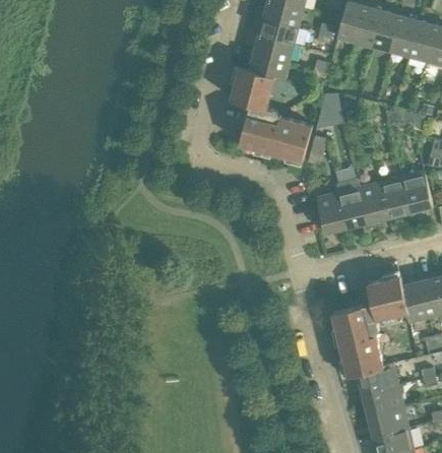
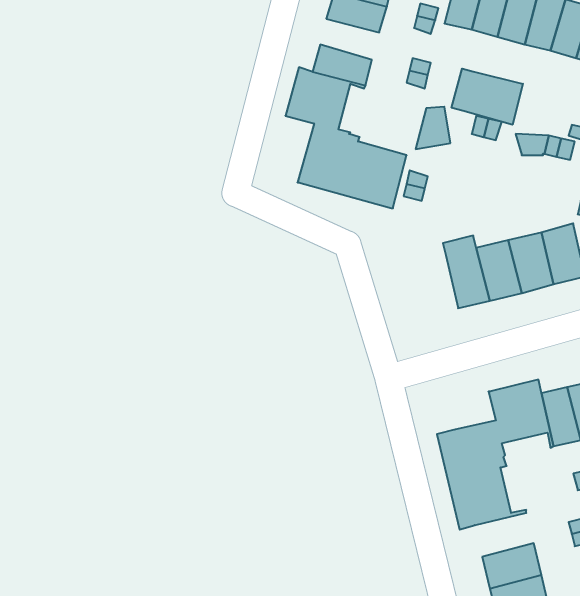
building: [254,35,294,62] -> none
building: none -> [452,69,523,125]
building: [316,193,346,234] -> none
building: [358,366,397,395] -> none

